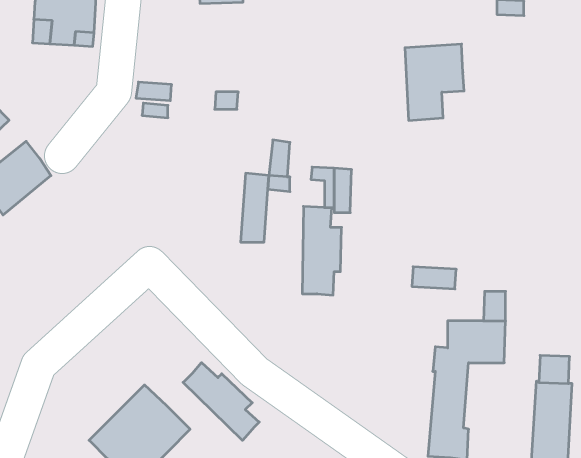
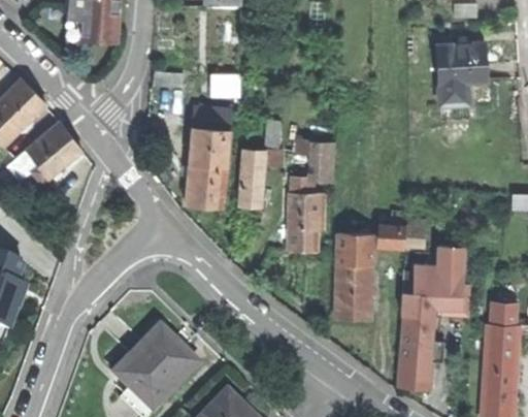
building: [405,44,464,120] -> [437,42,487,106]
building: none -> [187,108,232,206]
building: none -> [336,233,374,319]
building: [183,363,259,440] -> none

